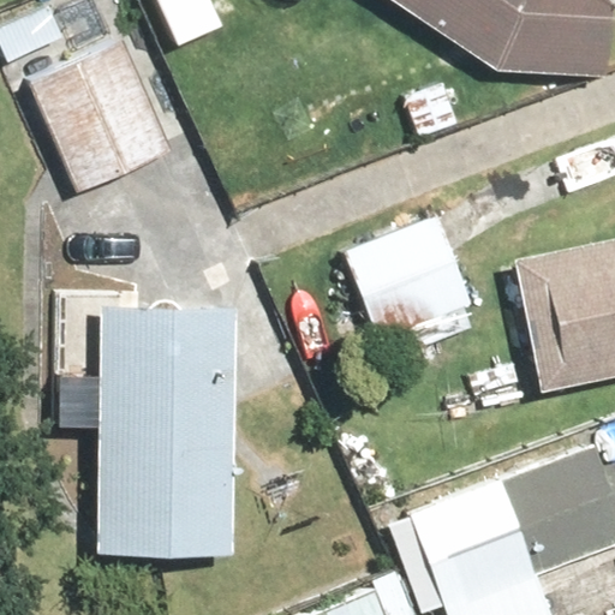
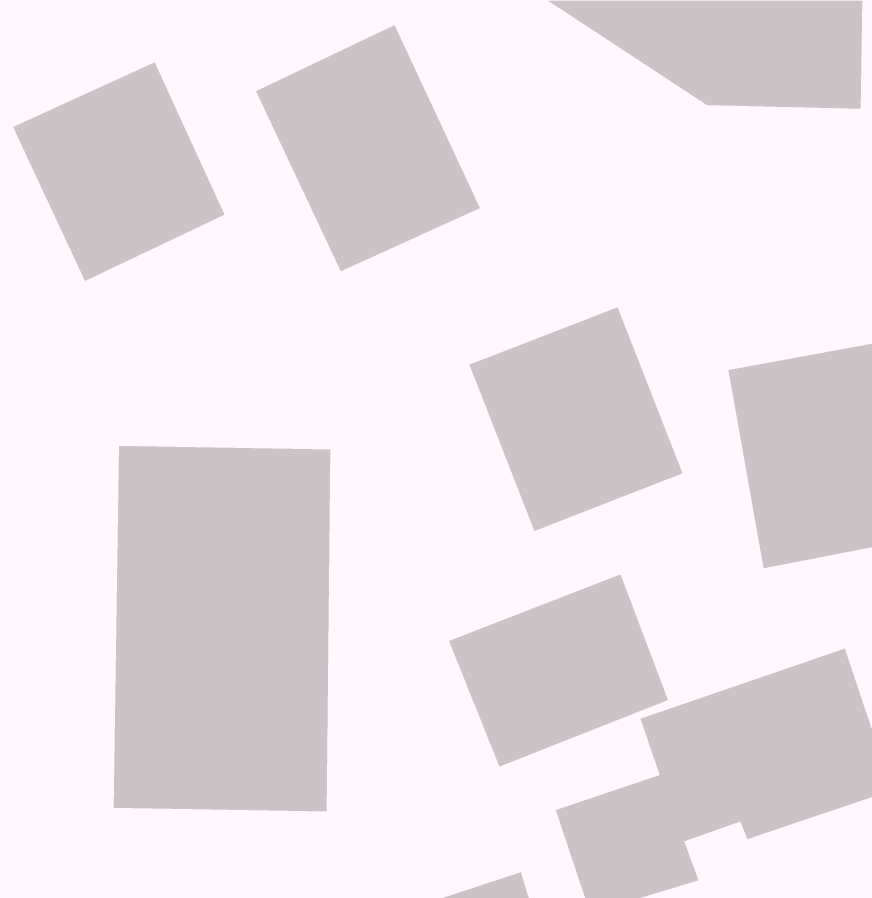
building: none -> [255,24,481,272]
building: none -> [448,573,669,767]

